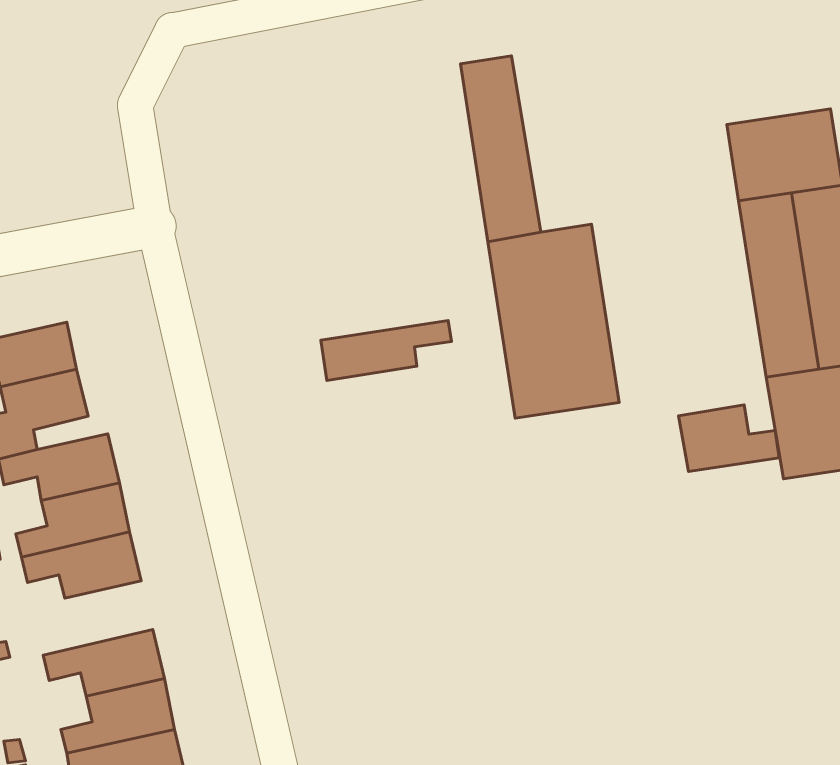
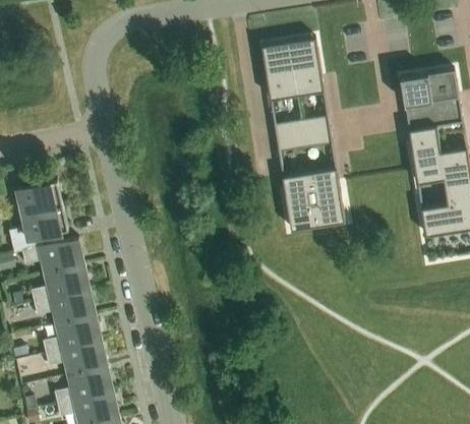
building: none -> [287,35,329,131]
building: [321,320,452,380] -> none
building: [679,405,779,472] -> none
building: none -> [41,312,101,351]

